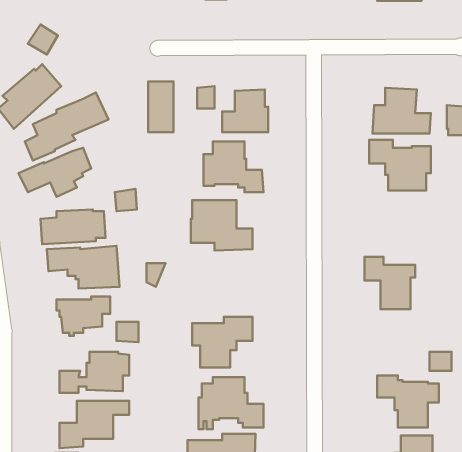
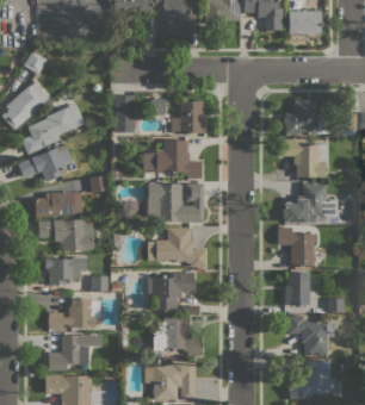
building: none -> [282,182,336,222]
building: none -> [147,226,205,266]
building: none -> [284,272,309,304]

